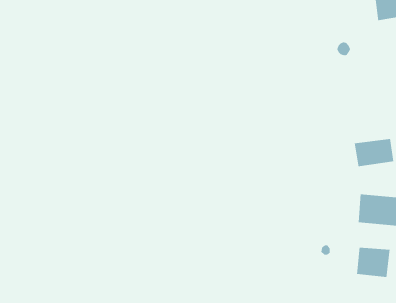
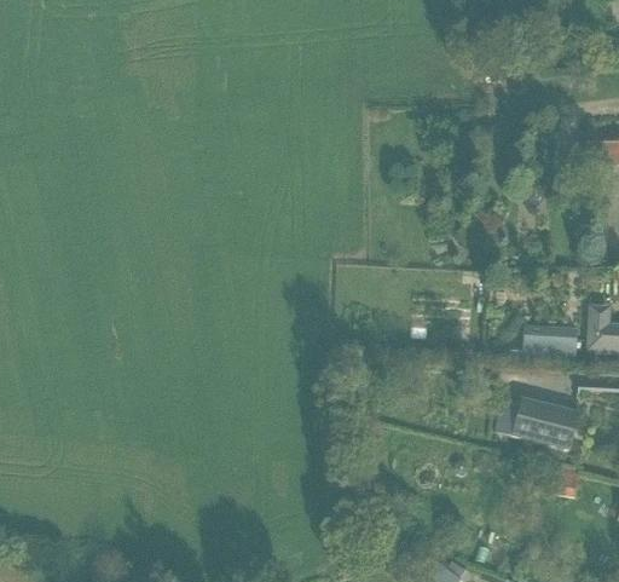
building: [357,247,390,278] -> none

